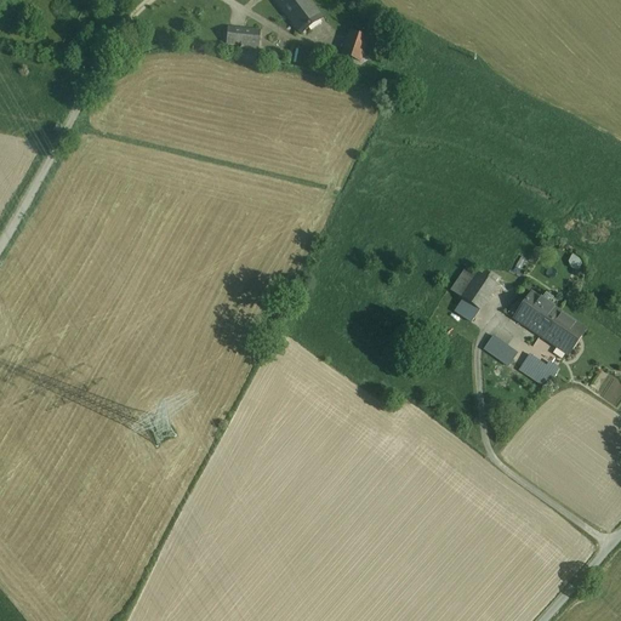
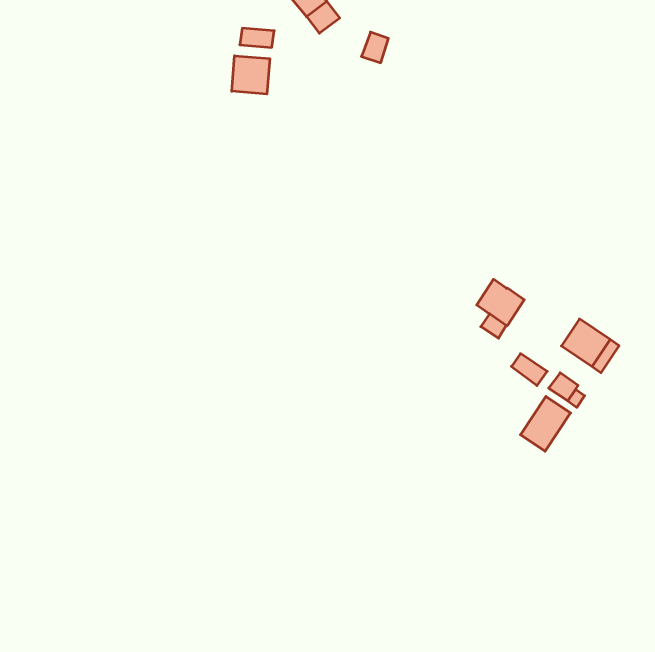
building: none -> [232,56,270,94]
building: [514,291,548,327] -> none
building: none -> [520,396,571,451]

